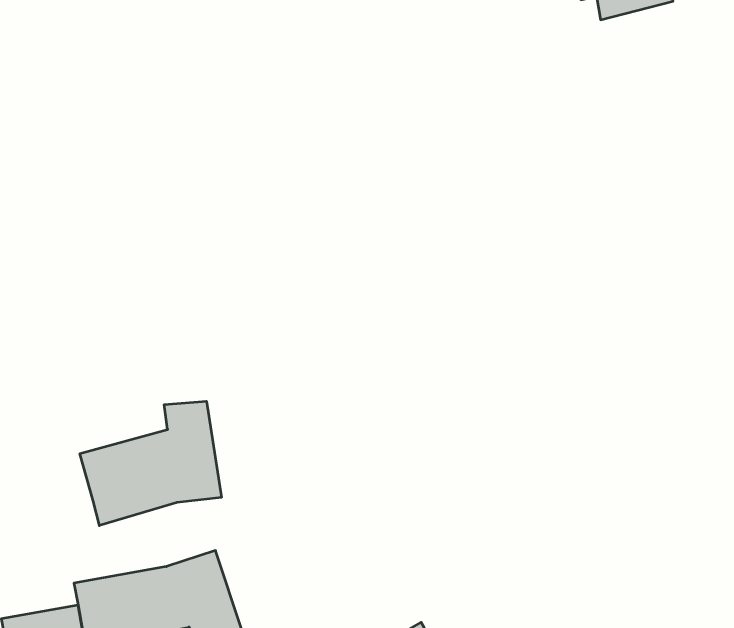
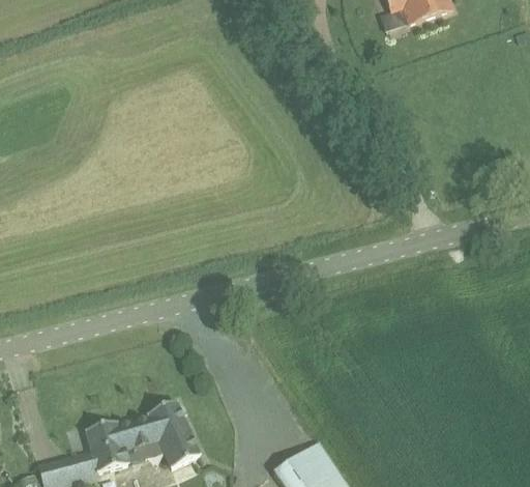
building: [80,401,221,526] -> none

